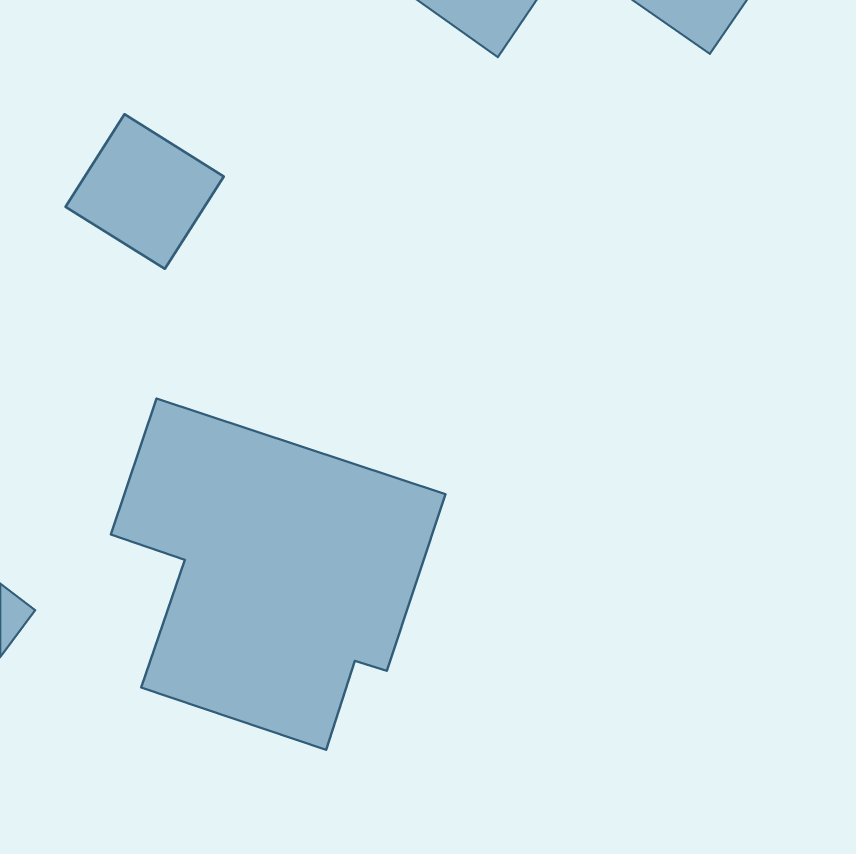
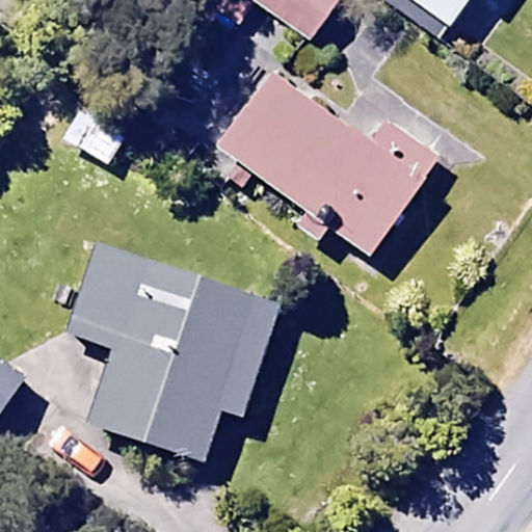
building: none -> [216,70,441,254]

